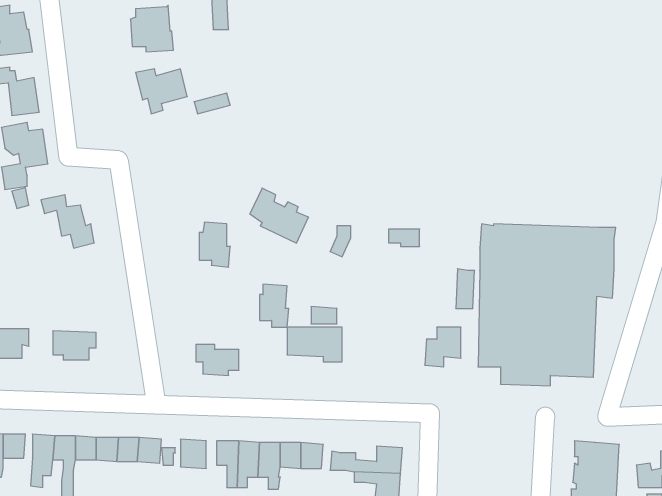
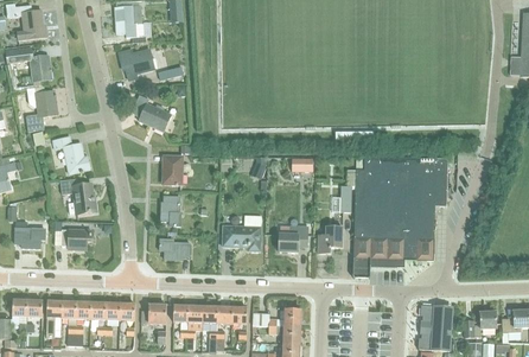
building: [250,188,309,243] -> [130,94,171,132]
building: none -> [59,178,96,215]
building: [260,284,289,327] -> [160,196,180,225]
building: none -> [278,225,307,251]

